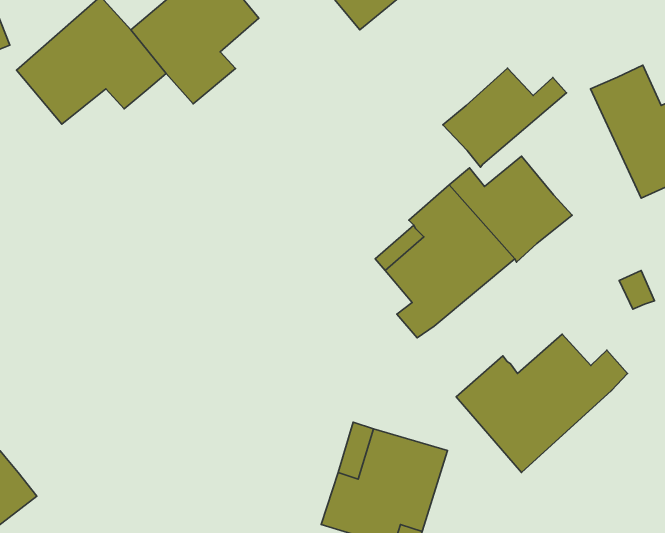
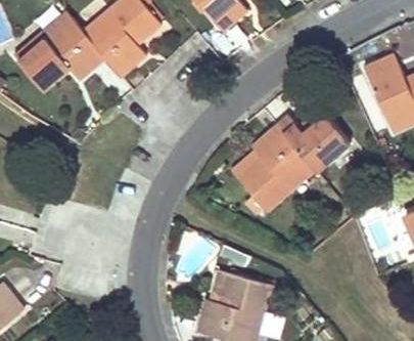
building: [443,68,567,167] -> none
building: [456,334,628,473] -> none

